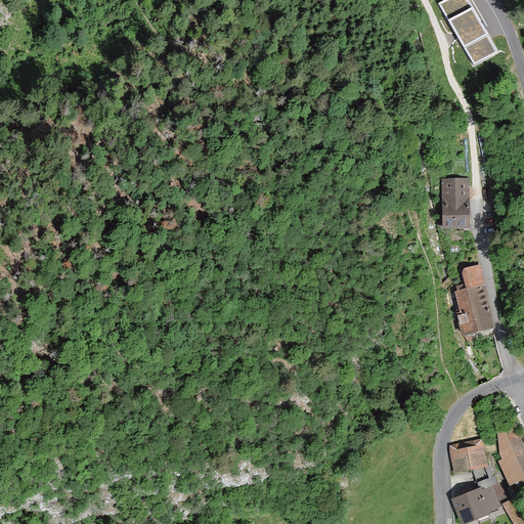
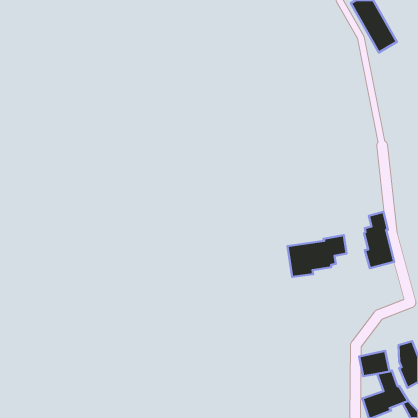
building: [443,179,470,229] -> none
building: none -> [288,235,347,277]

